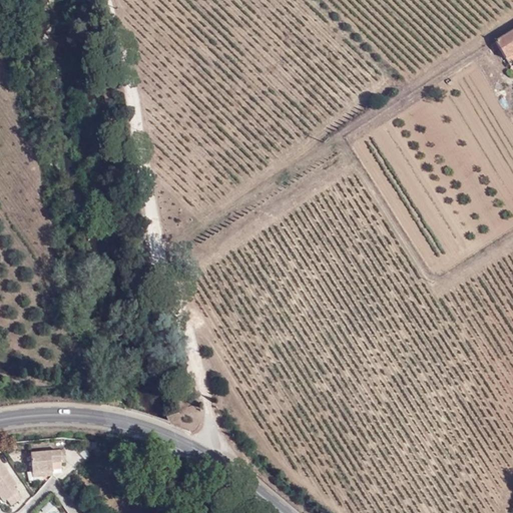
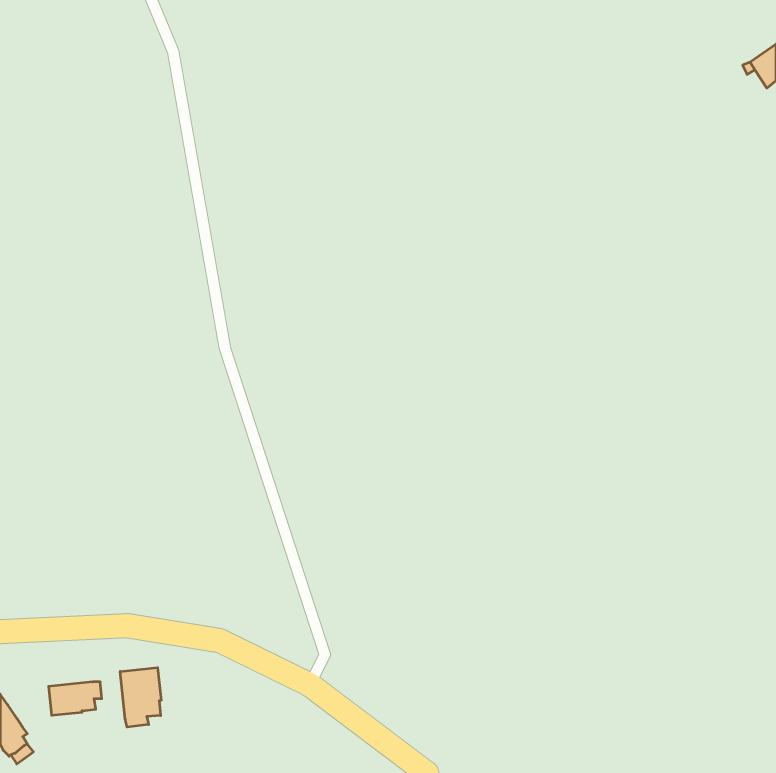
building: none -> [120,668,161,727]

